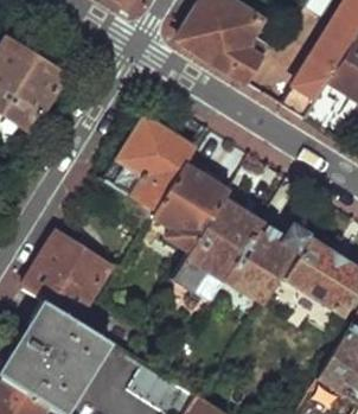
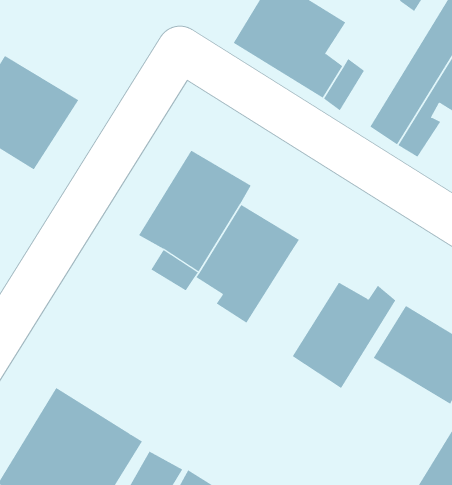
building: [173,197,260,292] -> none
building: [23,234,109,336] -> none

